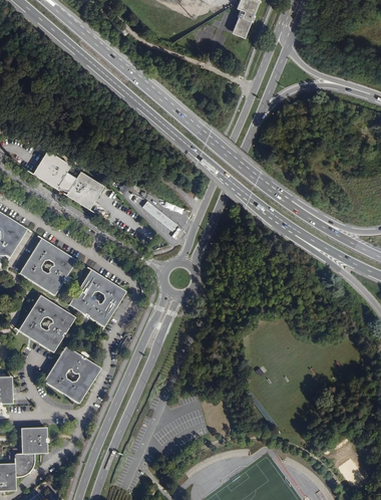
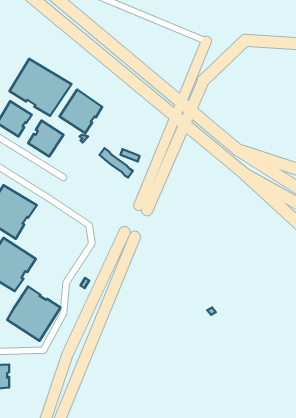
building: none -> [10,59,71,116]
building: none -> [60,89,102,133]
building: [68,269,124,326] -> none

